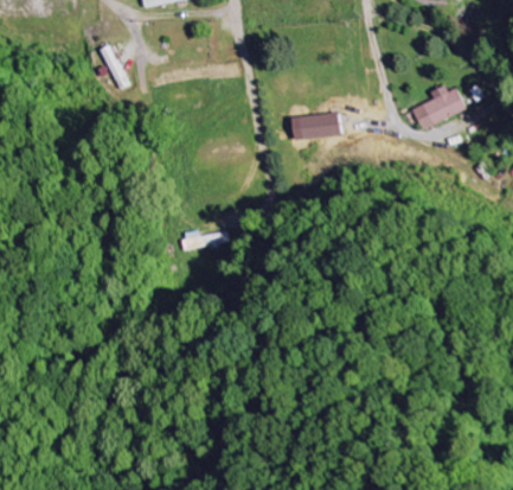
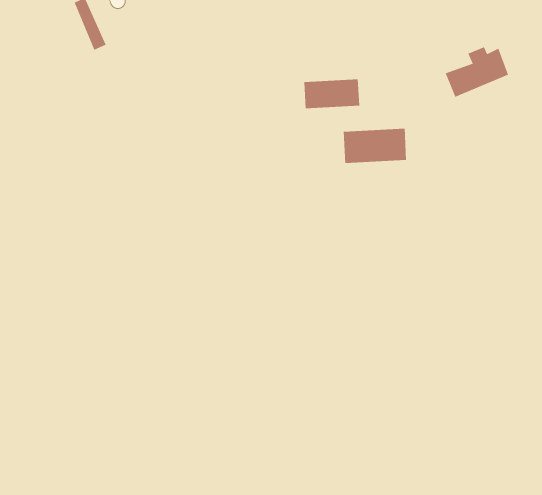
building: none -> [343,128,407,164]
building: [180,230,227,256] -> none

